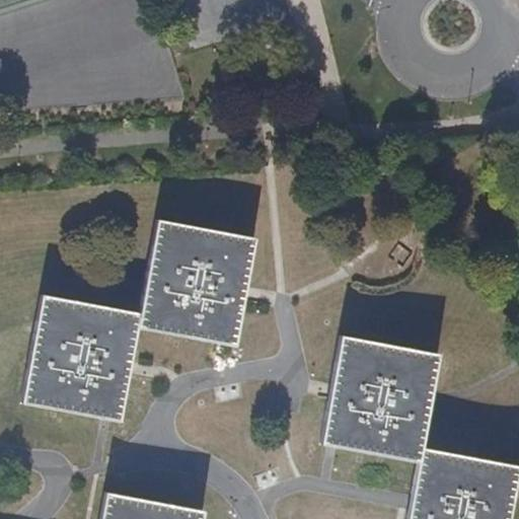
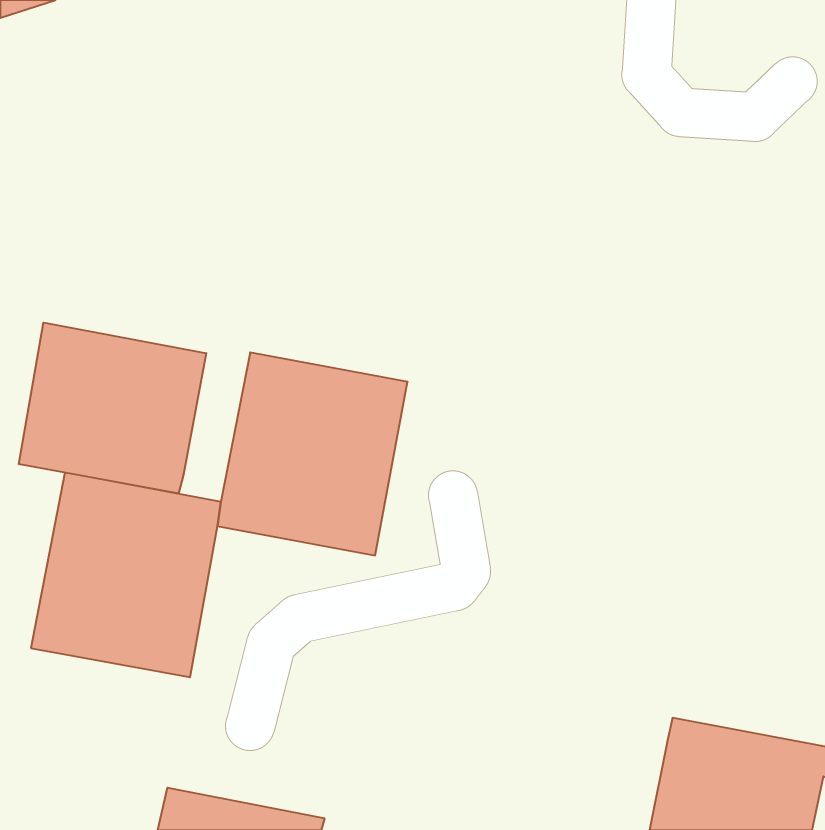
building: none -> [19,323,206,494]
building: [321,336,441,462] -> none

